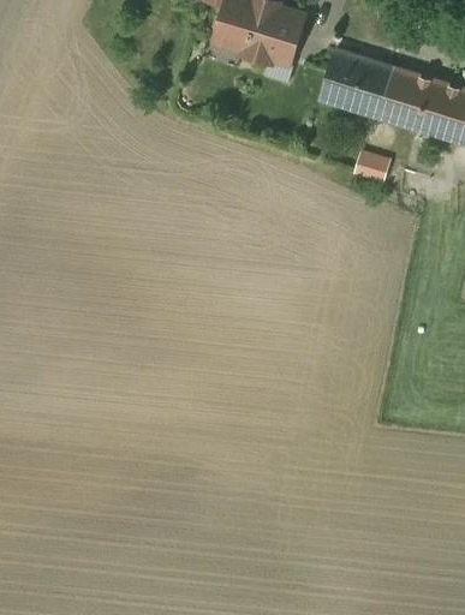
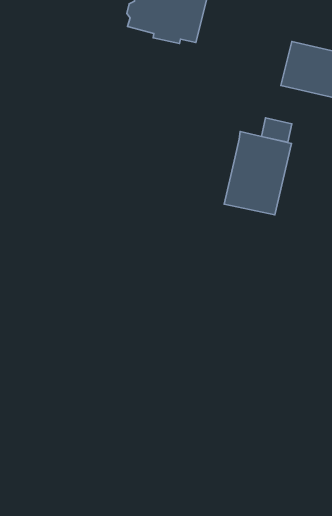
building: [323,50,399,118] -> none
building: none -> [224,132,292,215]

